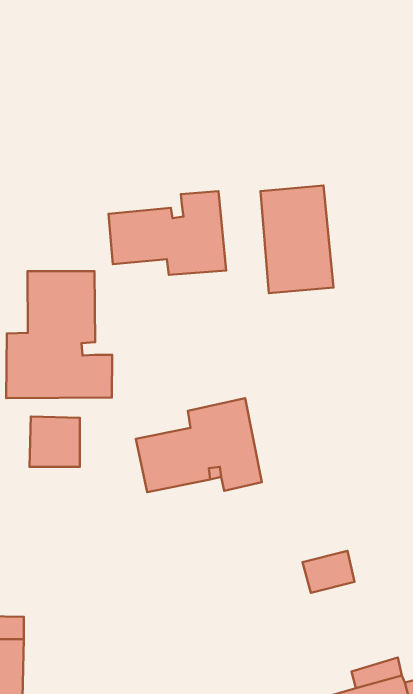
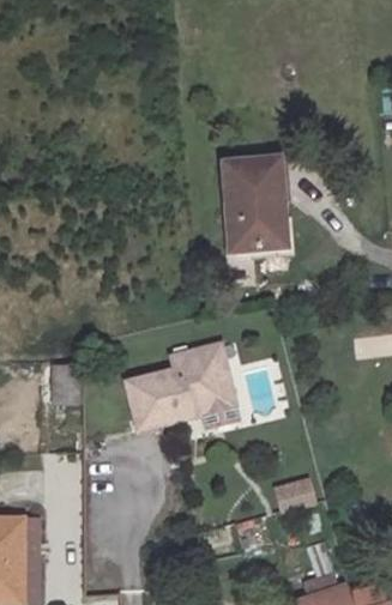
building: [108,191,226,275] -> none
building: [6,271,112,398] -> none

